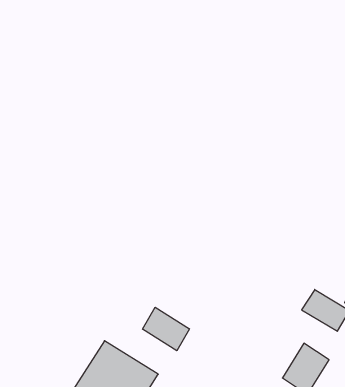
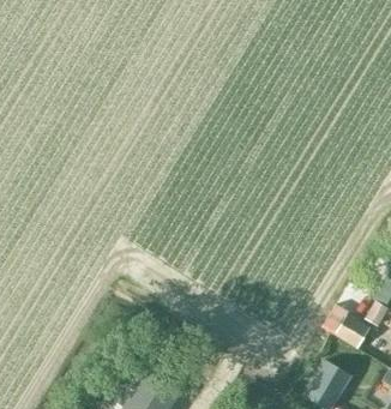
building: [143,307,189,351] -> none

